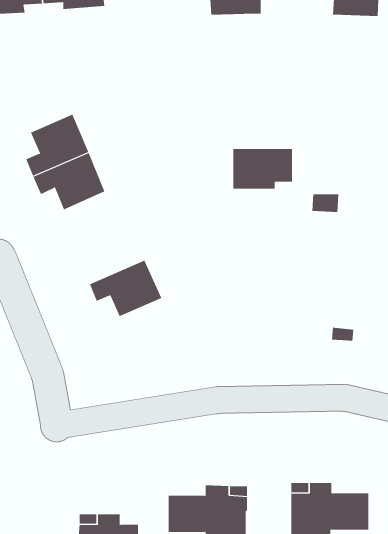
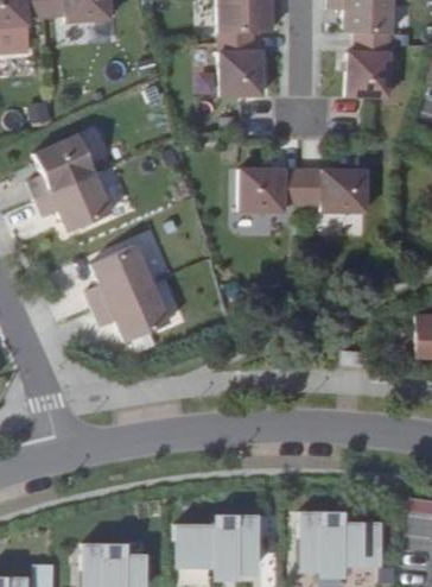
building: none -> [220,31,263,96]
building: none -> [342,32,392,97]
building: none -> [304,169,367,210]
building: none -> [87,244,152,308]

